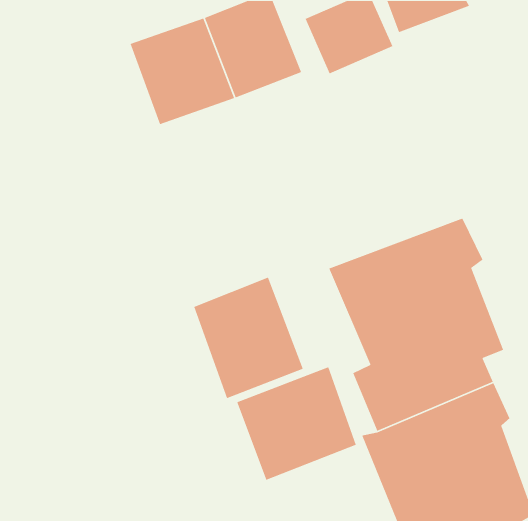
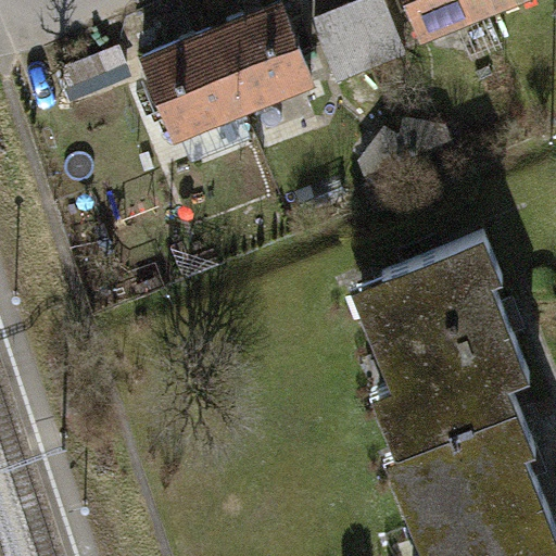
building: [193,276,304,399] -> none
building: [236,366,357,481] -> none

